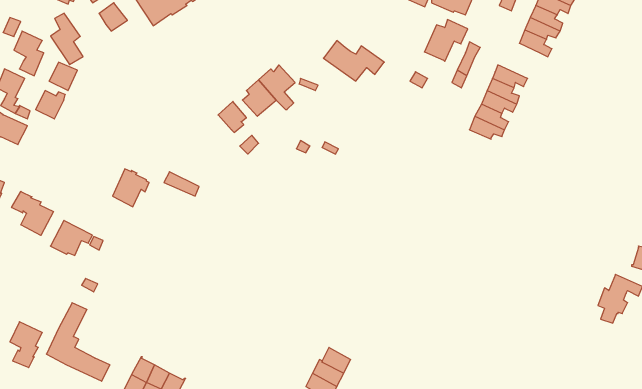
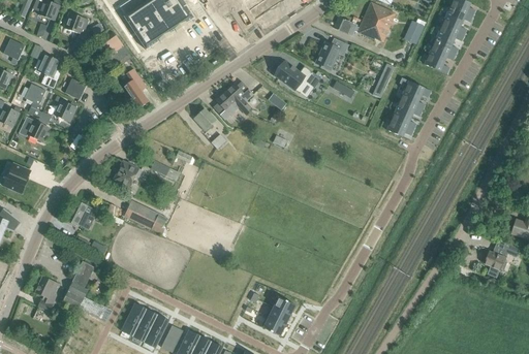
building: [51,13,83,65] -> [124,68,149,107]
building: [424,20,468,61] -> [316,37,349,69]
building: [12,191,53,235] -> none
building: none -> [124,199,167,233]

